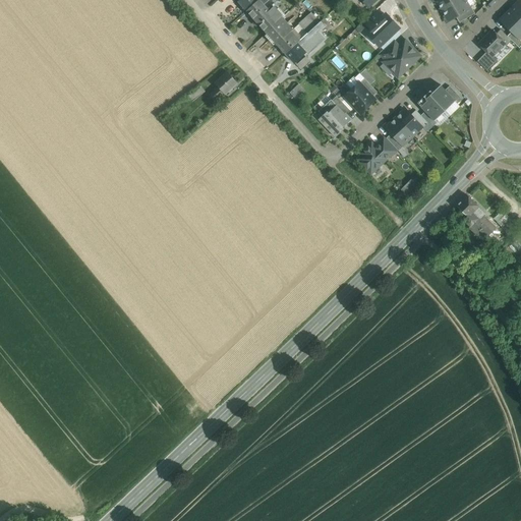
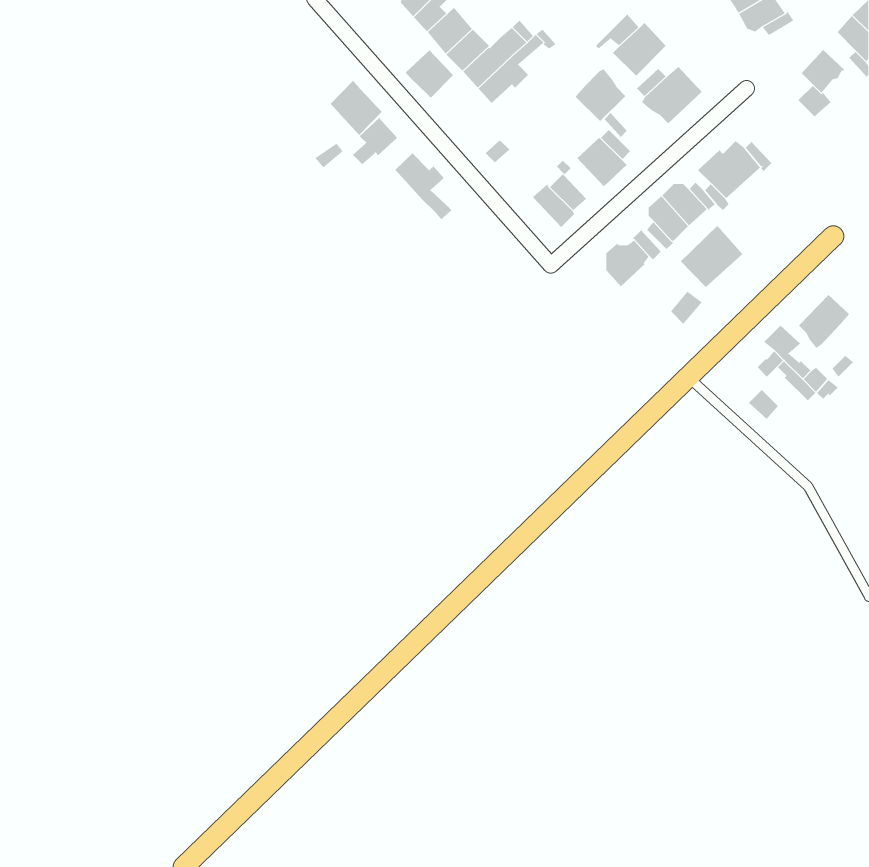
building: none -> [405,49,454,98]
building: none -> [575,68,626,122]
building: none -> [330,80,383,136]
building: none -> [394,152,452,220]
building: none -> [680,225,743,288]
building: none -> [798,294,850,349]

